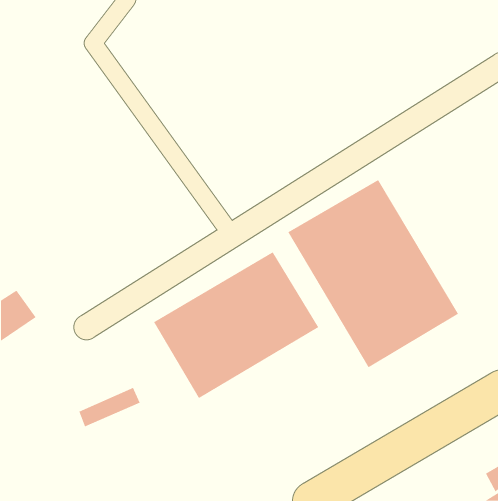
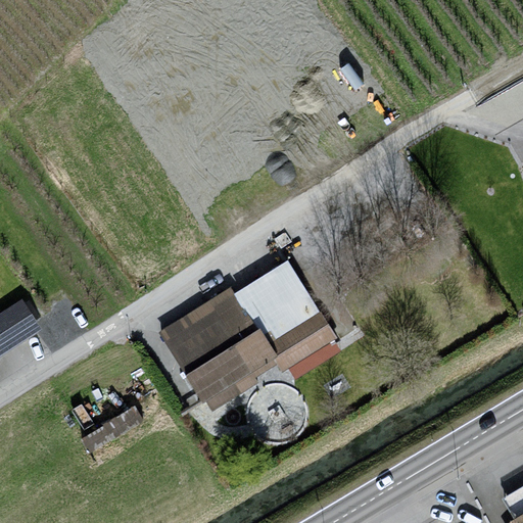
building: [288,179,459,368] -> none

